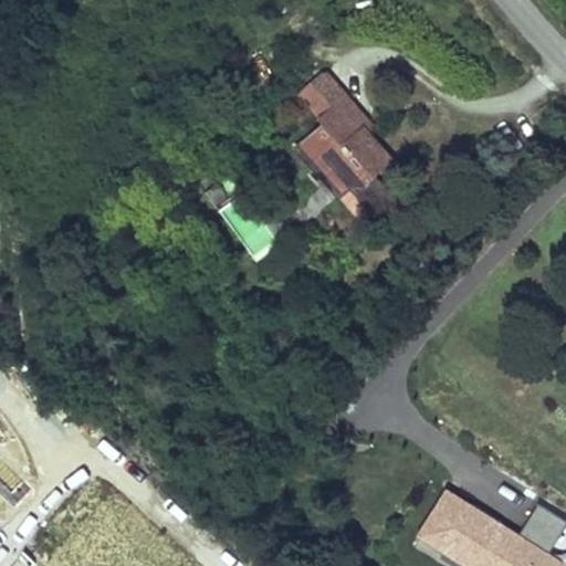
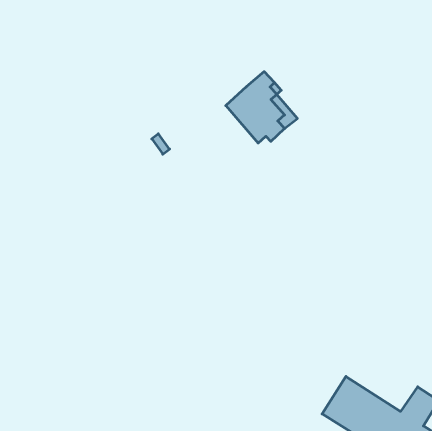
building: [298,69,347,118] -> none

